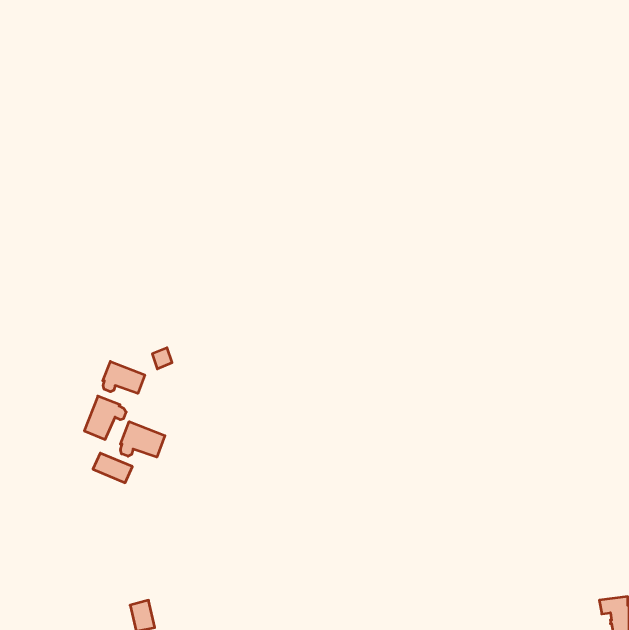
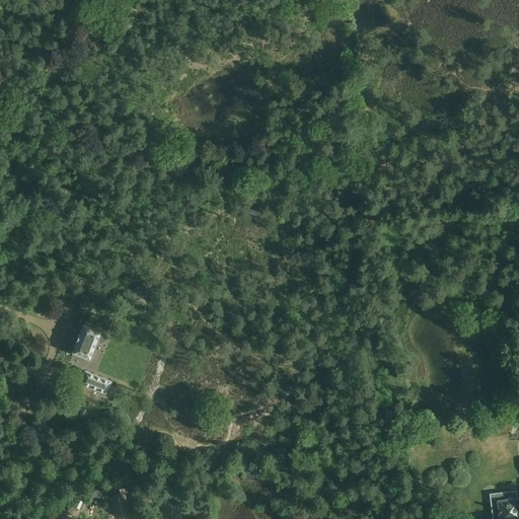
building: [103,361,145,393] -> none
building: [120,422,165,457] -> none

